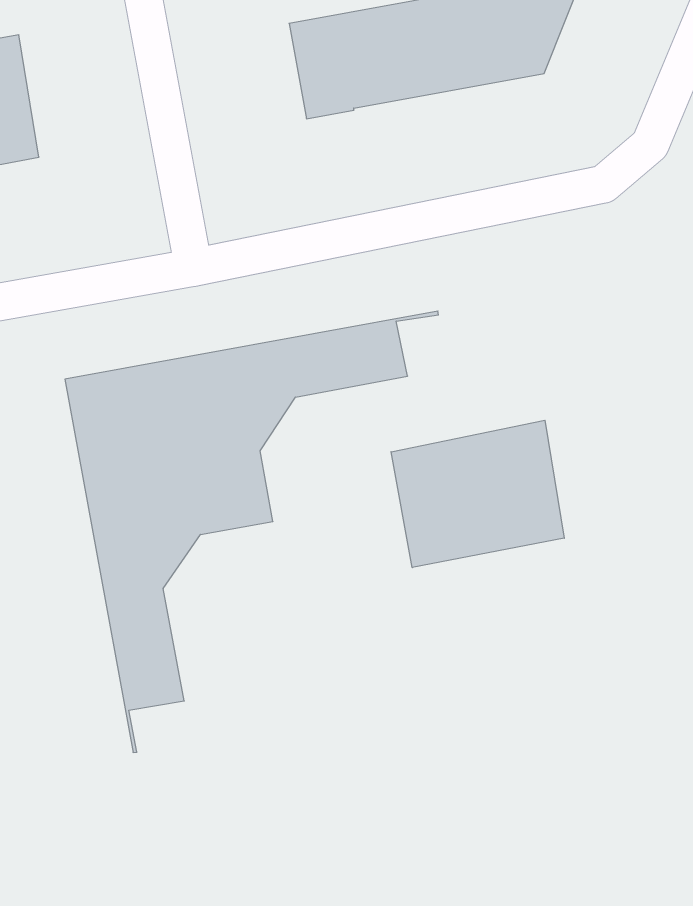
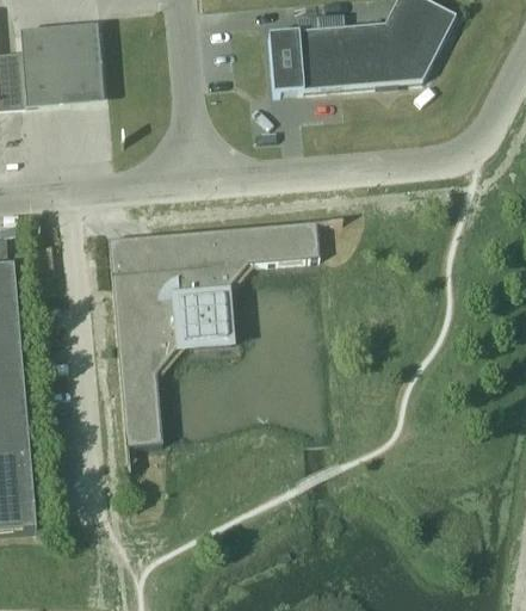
building: [391,420,564,568] -> none

